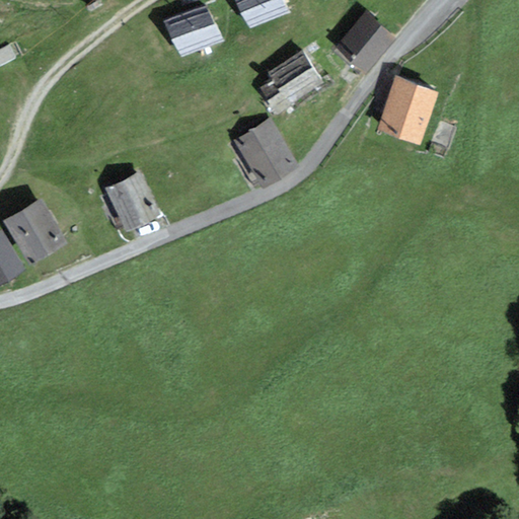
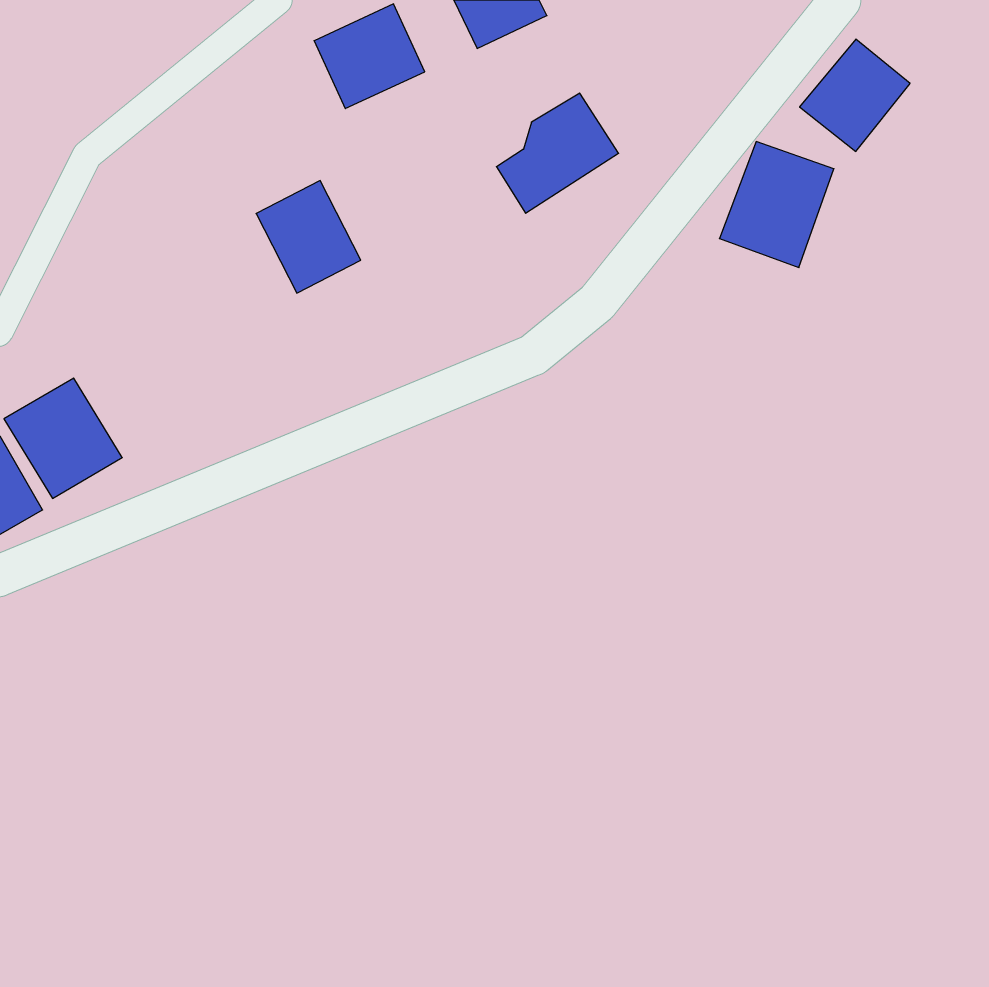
building: [336,11,393,70] -> [800,39,910,151]
building: [235,120,296,183] -> none
building: [104,171,159,230] -> [256,181,361,293]

